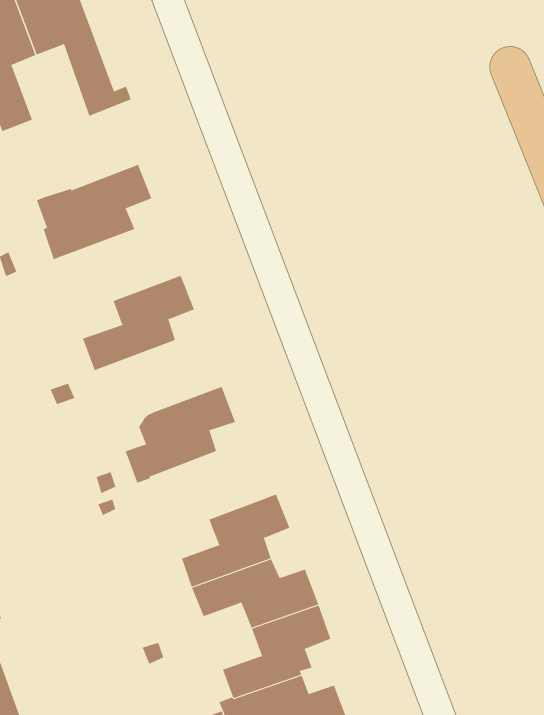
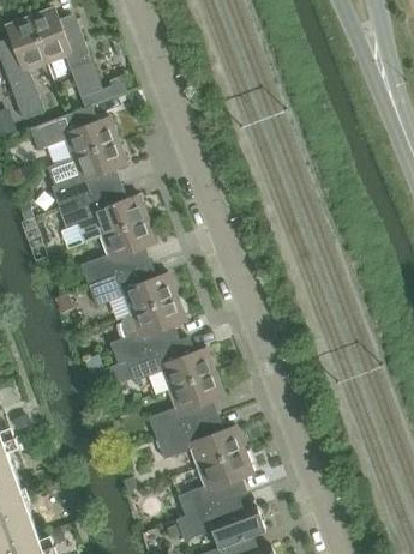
building: none -> [30,109,119,164]
building: none -> [59,187,149,243]
building: none -> [88,265,178,315]
building: none -> [127,339,216,395]

